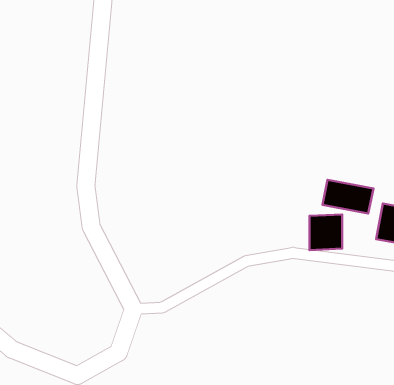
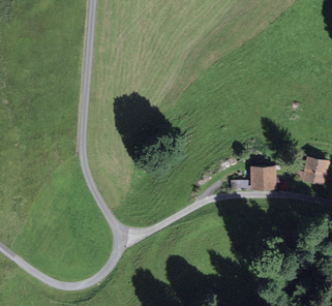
building: [322,180,373,214] -> none

